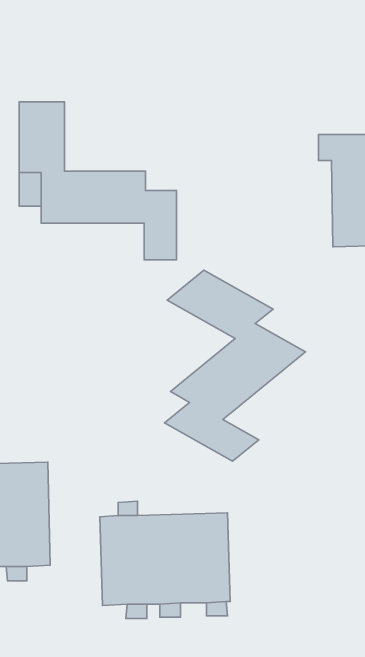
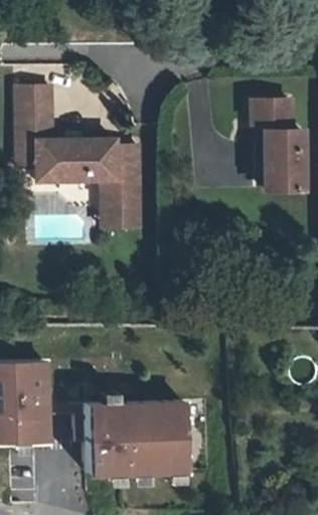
building: none -> [104,179,142,227]
building: [165,270,305,461] -> none

